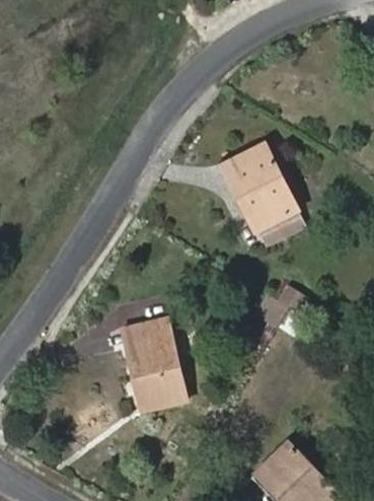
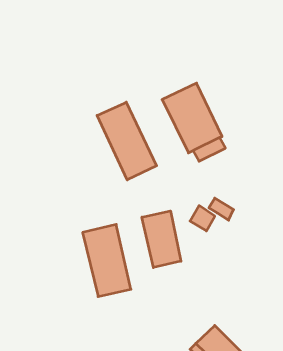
building: none -> [97,102,157,180]
building: none -> [142,211,181,268]

